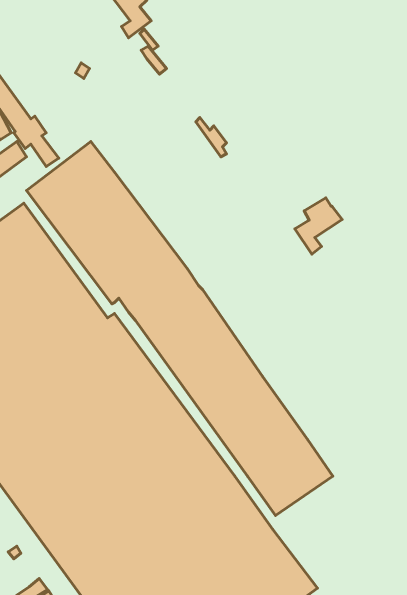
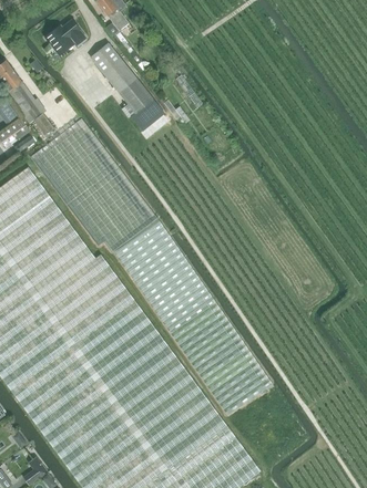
building: none -> [45,20,86,52]
building: none -> [91,43,164,132]
building: [295,198,342,254] -> none

